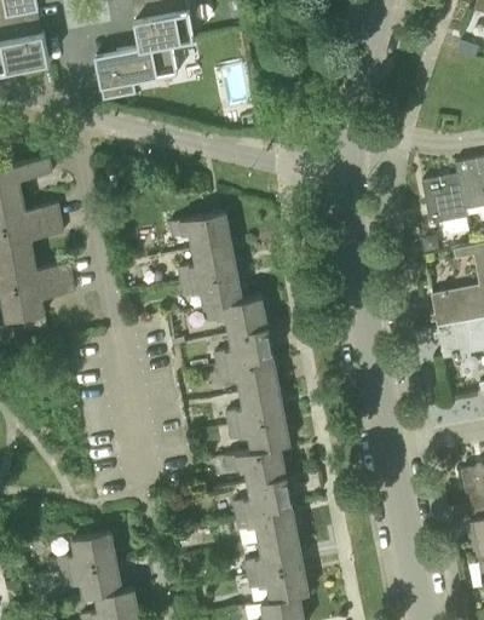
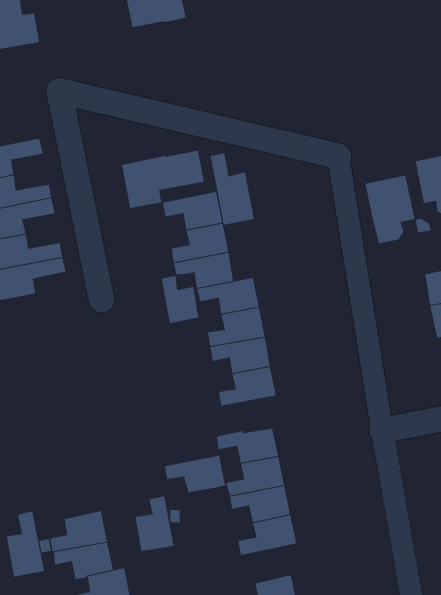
building: [94,42,178,101] -> [121,150,205,208]
building: none -> [210,152,254,226]
building: none -> [365,175,415,244]
building: none -> [161,275,199,324]
building: [229,415,290,453] -> [164,455,226,493]
building: none -> [135,496,174,552]
building: none -> [6,511,44,578]
building: [248,563,311,601] -> none

